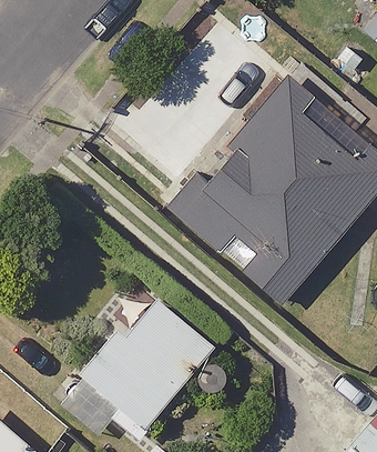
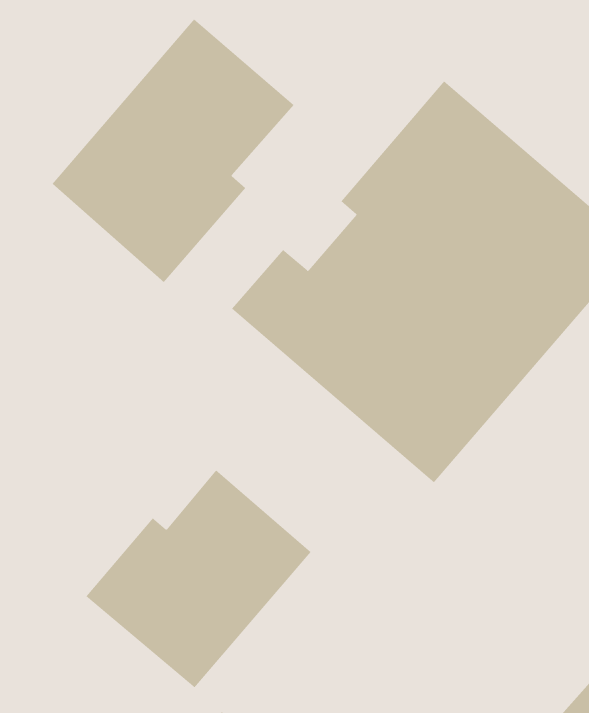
building: none -> [52,18,295,283]

